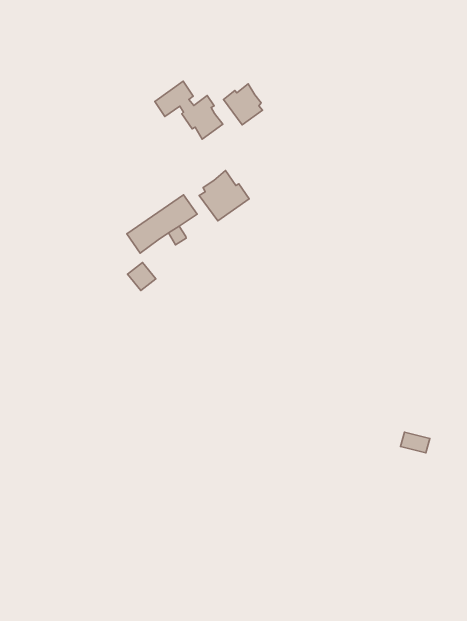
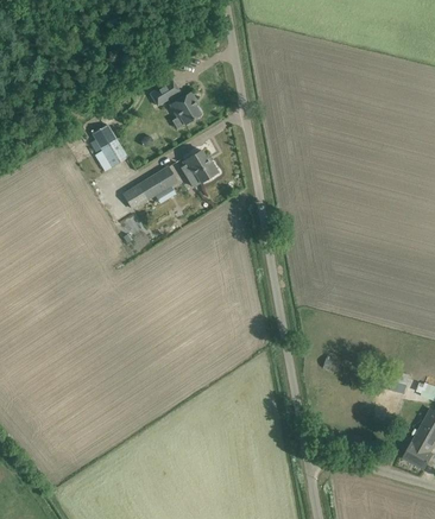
building: [223,84,263,125] -> none
building: none -> [92,125,127,167]

